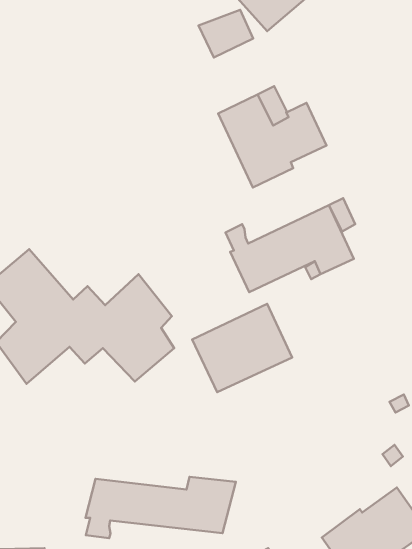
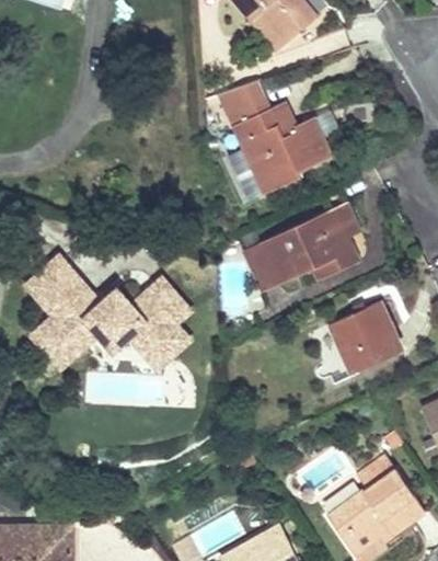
building: [199,10,253,58] -> [219,81,269,125]
building: [192,304,292,392] -> [310,300,402,381]
building: [85,477,236,538] -> none

